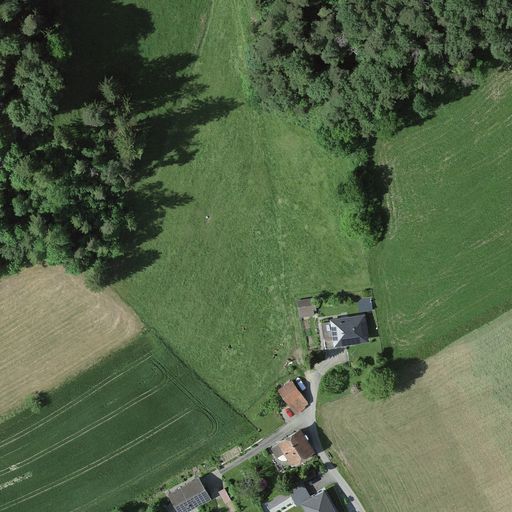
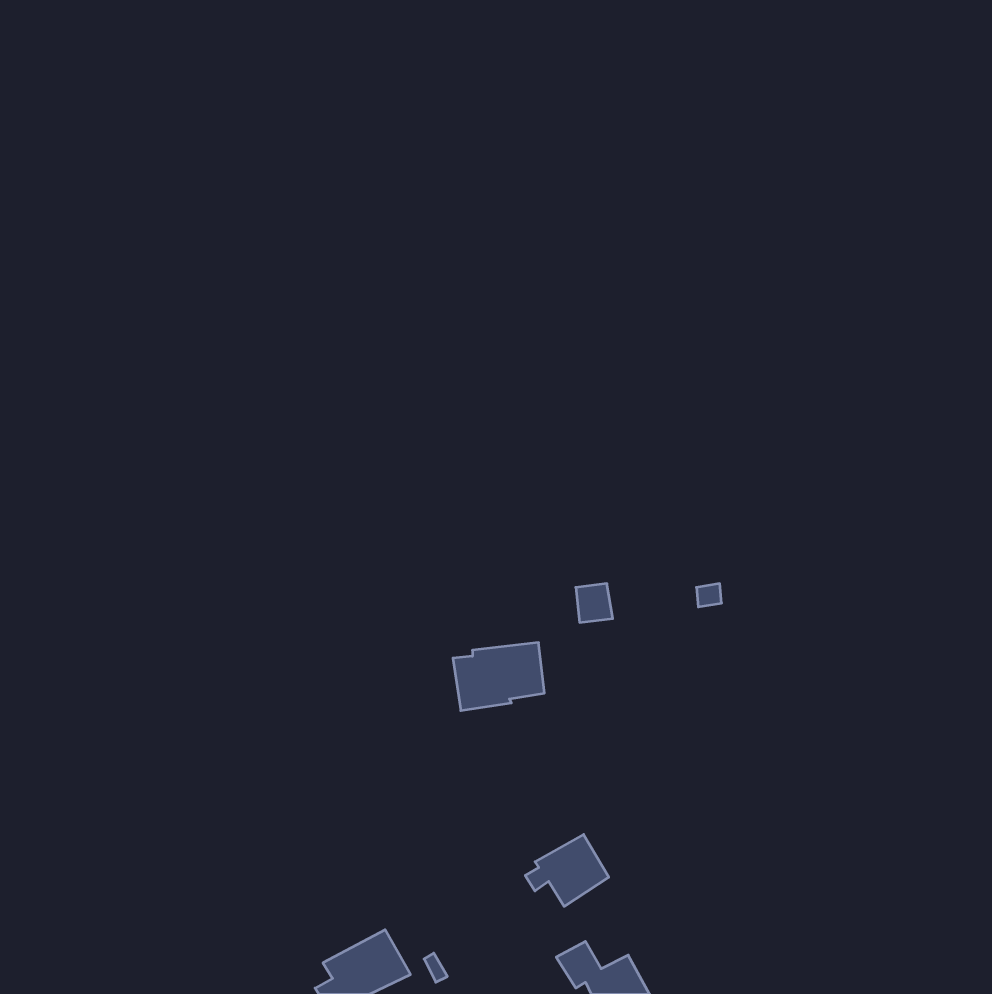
building: [321,316,368,351] -> [453,643,544,711]
building: [277,381,308,416] -> none

